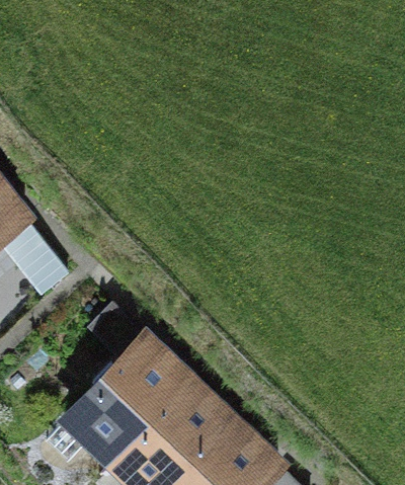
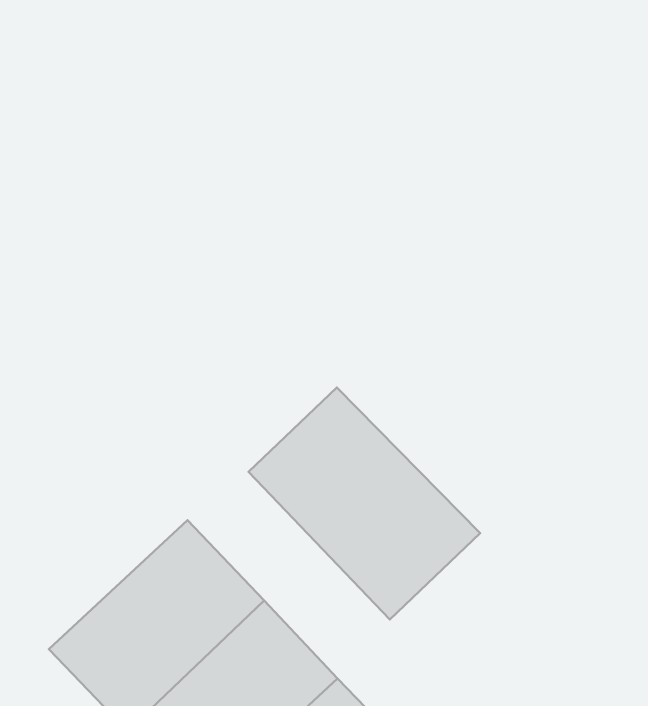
building: none -> [248,387,480,619]

